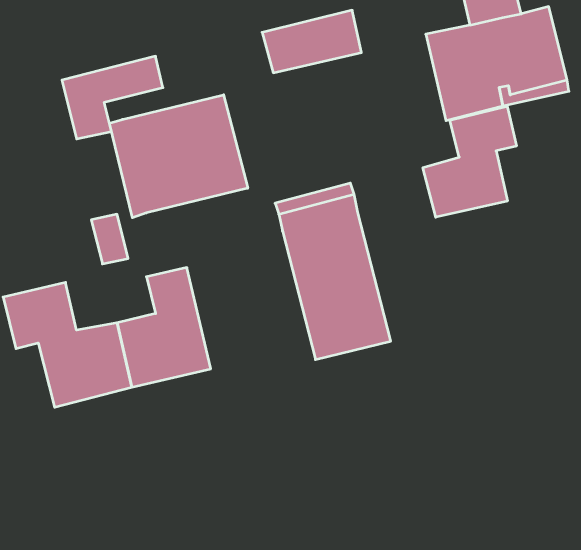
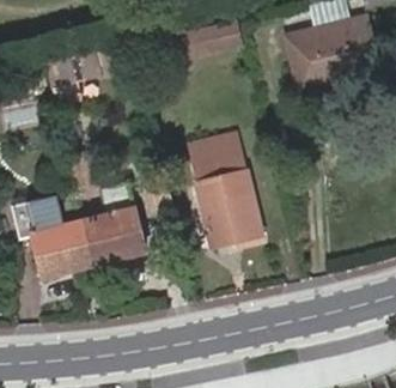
building: [109,95,248,218] -> none
building: [423,106,516,217] -> none

